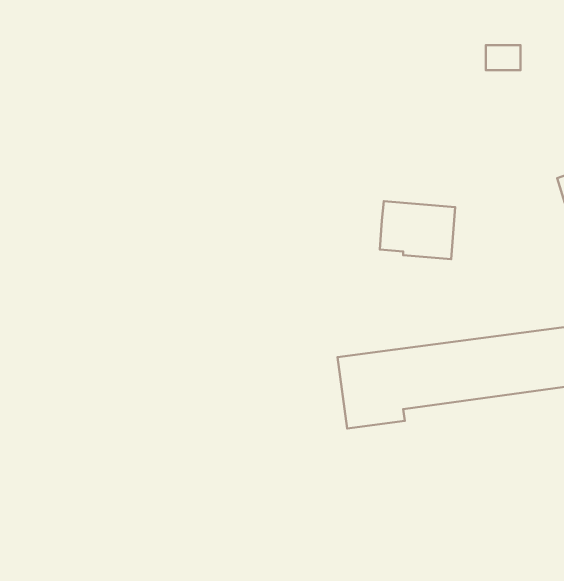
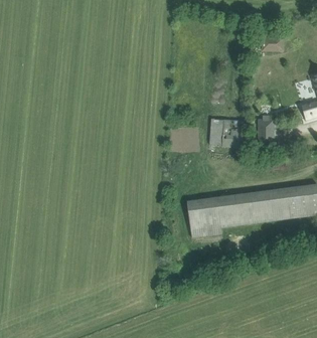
building: none -> [259,116,274,145]

